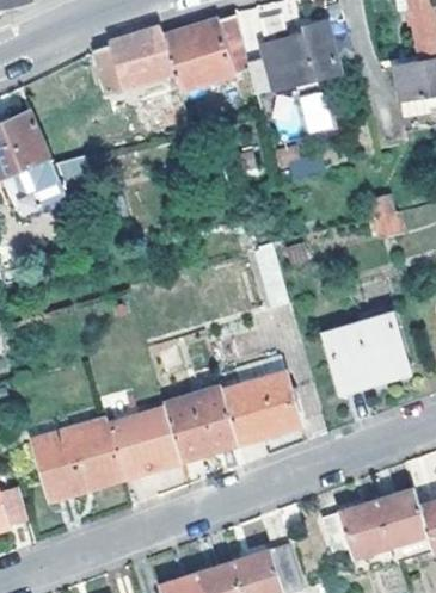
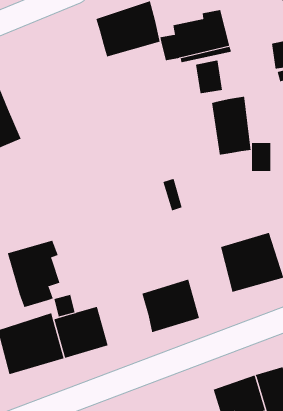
building: [96,25,174,84] -> none
building: none -> [211,96,251,155]
building: none -> [7,240,60,308]
building: [166,389,238,462] -> none

